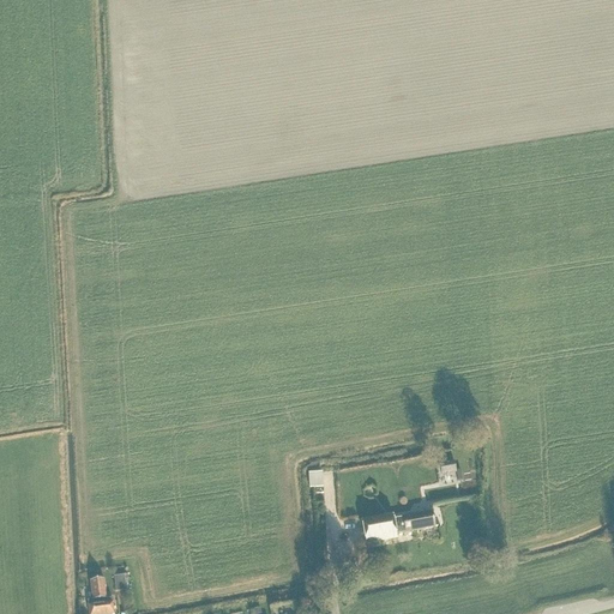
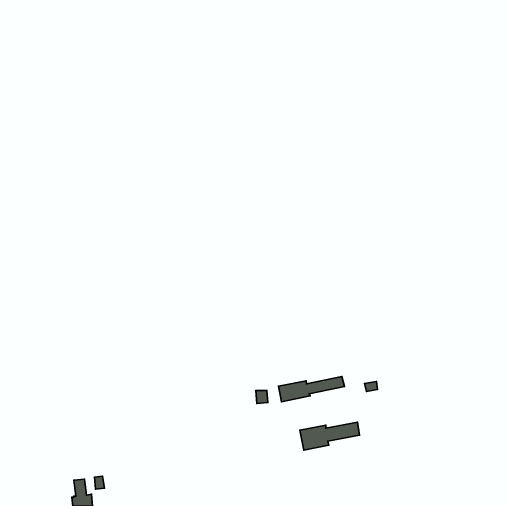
building: none -> [279,377,344,402]

